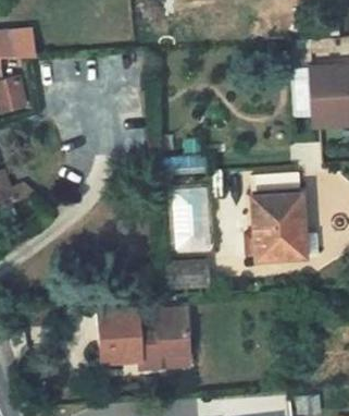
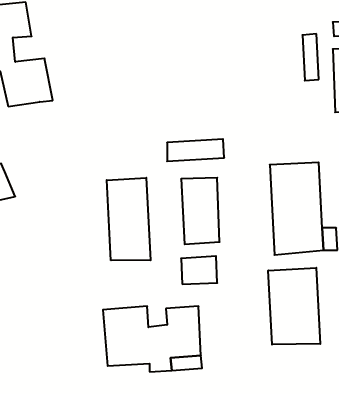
building: none -> [107,178,151,260]
building: none -> [268,268,320,345]

